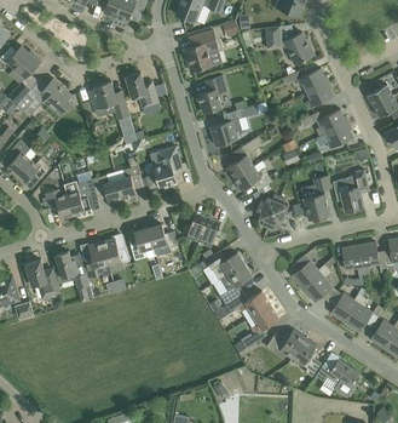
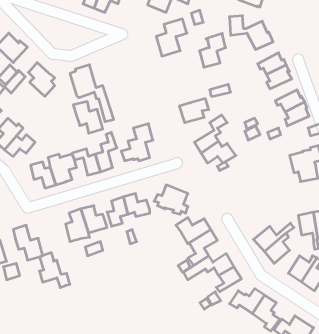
building: [125,72,157,107] -> [73,102,103,133]
building: [197,74,226,112] -> [199,33,226,67]
building: [302,175,331,219] -> none
building: [256,193,290,228] -> none
building: [54,250,88,288] -> [39,253,70,288]

